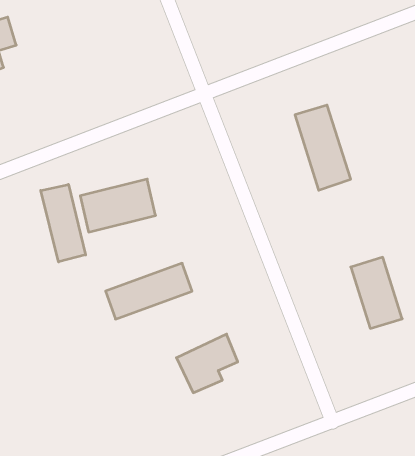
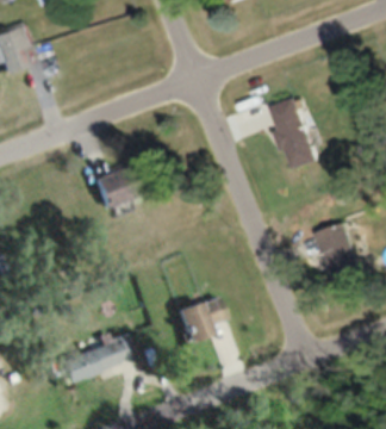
building: [41,184,86,262] -> none
building: [106,263,192,319] -> [57,336,131,384]

